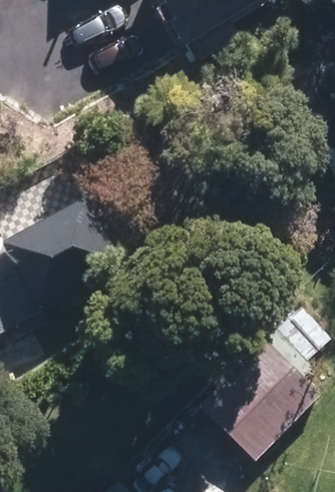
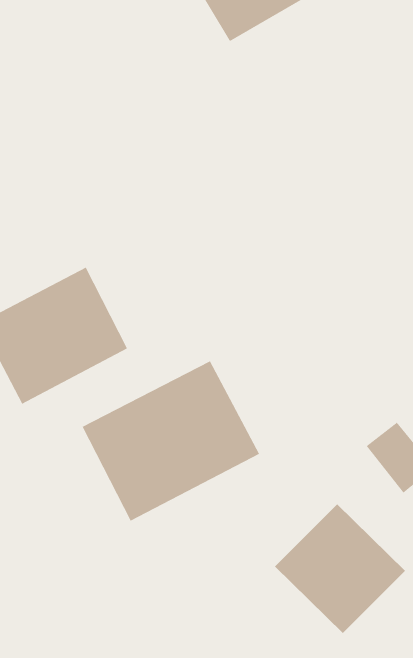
building: none -> [82,360,260,521]

